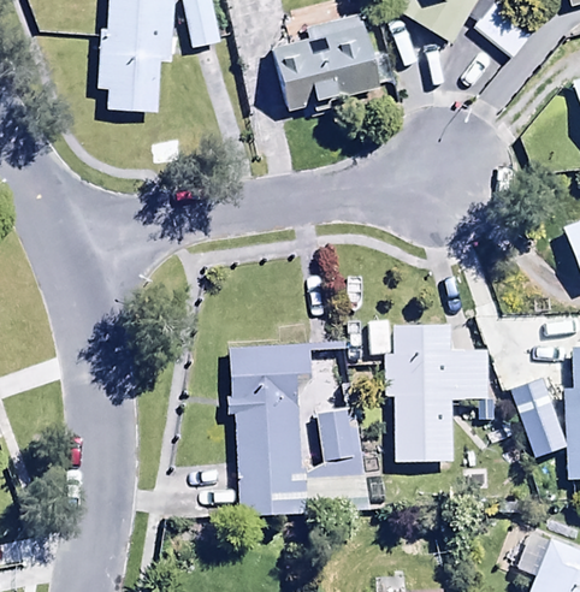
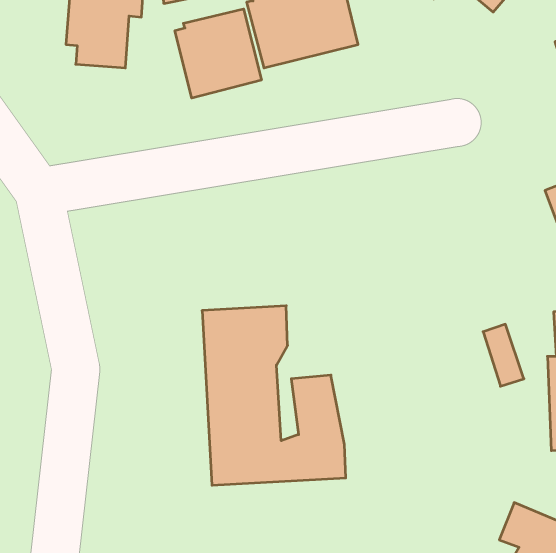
building: none -> [175,9,261,98]
building: [386,328,489,464] -> none

